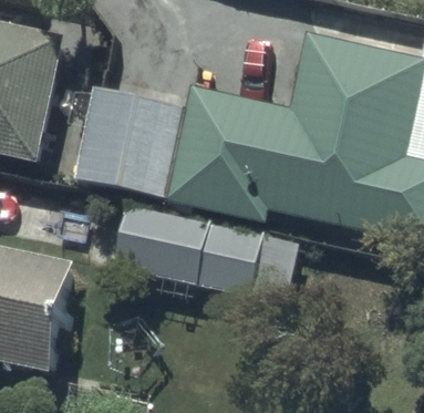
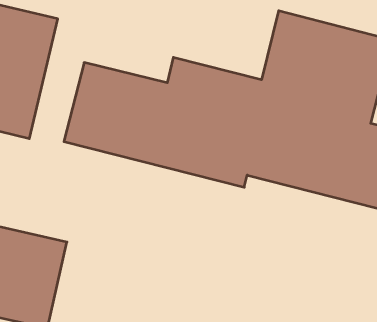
building: [94,200,273,304] -> none

